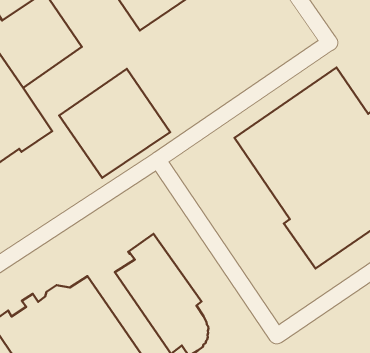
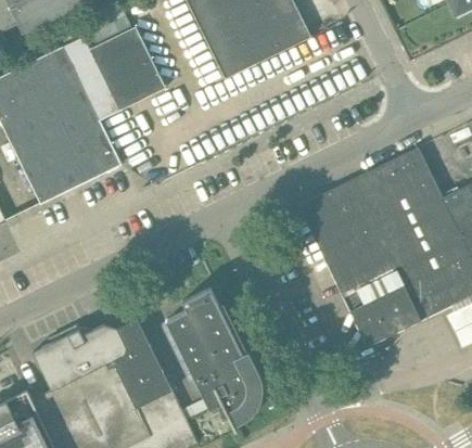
building: [59,69,170,178] -> none

